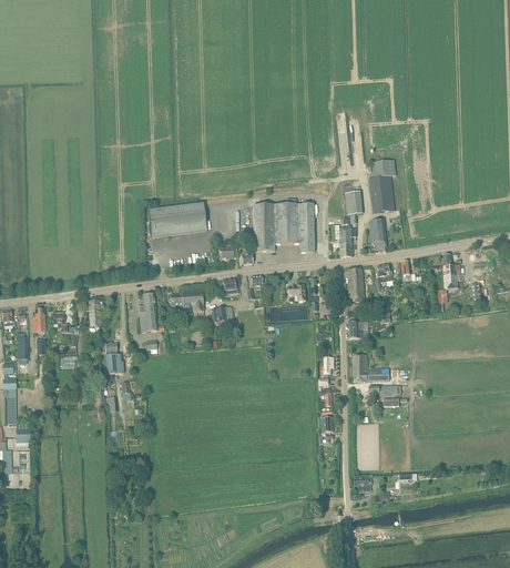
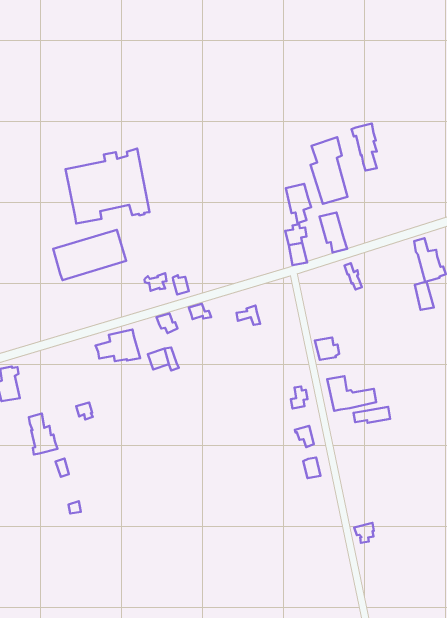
building: none -> [352,124,377,171]
building: [253,199,315,253] -> [65,149,149,223]
building: [347,268,368,301] -> none
building: [139,293,164,332] -> none

